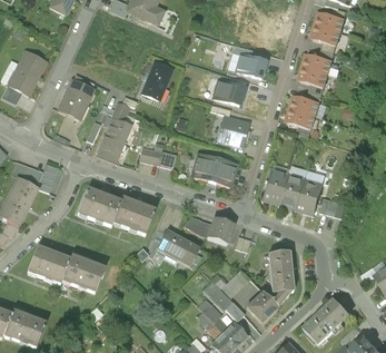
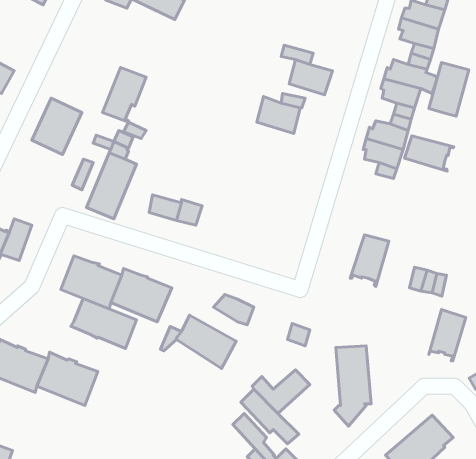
building: none -> [429,62,469,116]
building: [141,61,171,99] -> [103,68,146,122]
building: none -> [404,136,454,171]
building: [218,116,248,145] -> none
building: [191,153,236,185] -> none
building: [261,168,288,200] -> none
building: [296,178,321,214] -> [429,309,466,361]
building: [207,216,234,243] -> none
building: none -> [71,298,136,348]
building: [246,291,277,322] -> none

